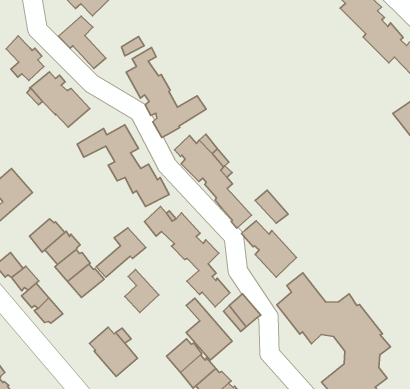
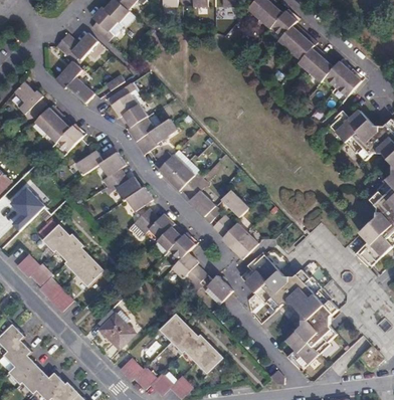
building: [96,228,146,277] -> none
building: [125,270,159,312] -> none
building: [186,298,232,360] -> none

